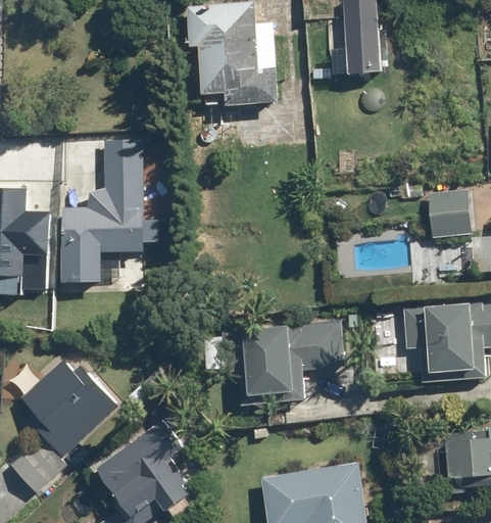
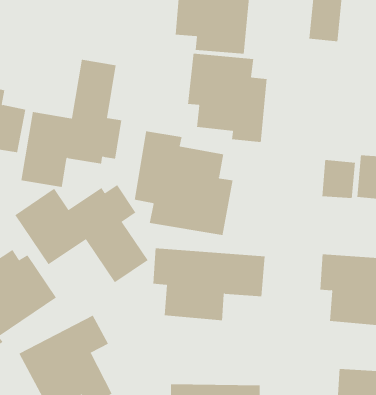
building: none -> [188,53,267,143]
building: none -> [322,159,355,199]
building: none -> [134,130,233,236]
building: none -> [15,184,148,283]

